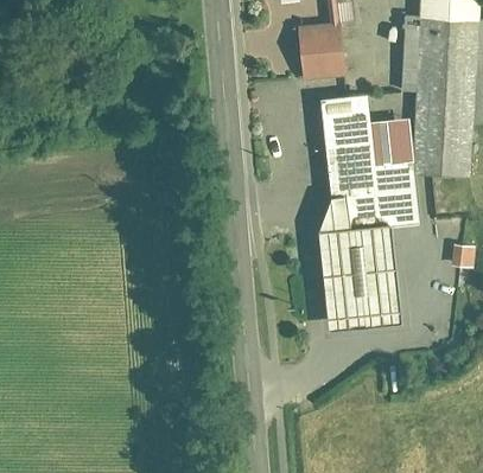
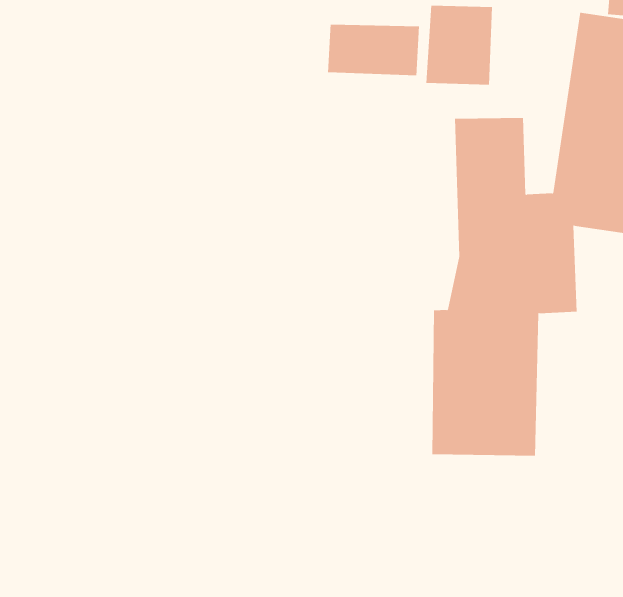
building: none -> [327,24,420,76]

